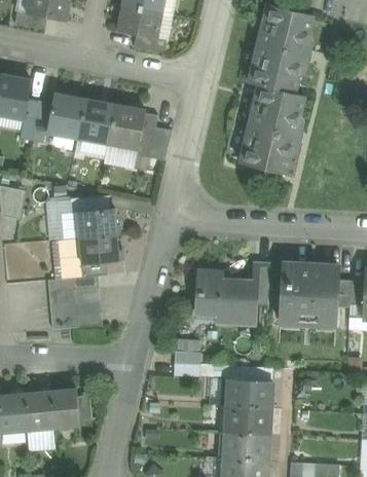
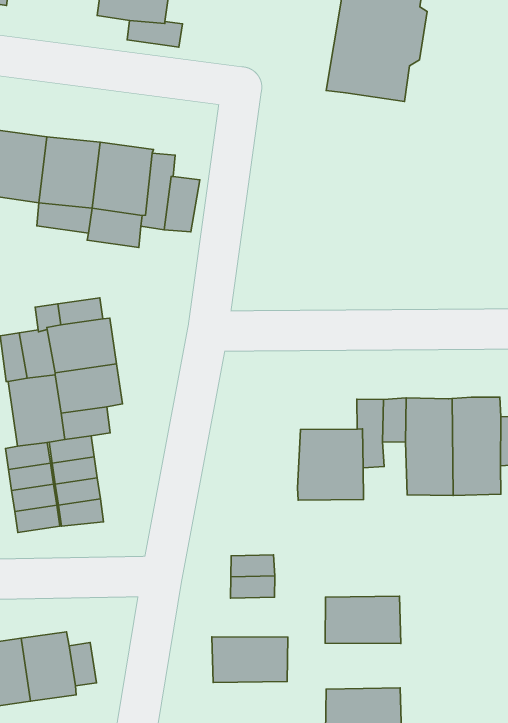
building: [242,84,305,173] -> none
building: [197,269,221,313] -> none
building: [226,404,271,433] -> [212,637,288,683]

